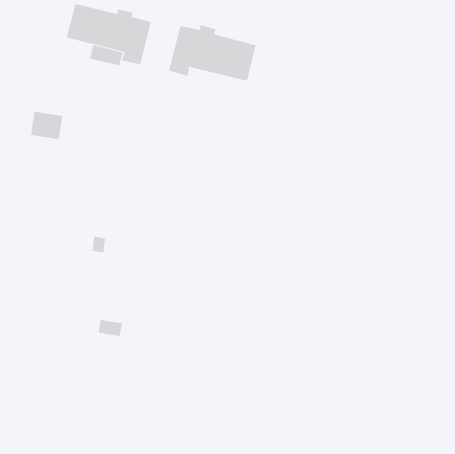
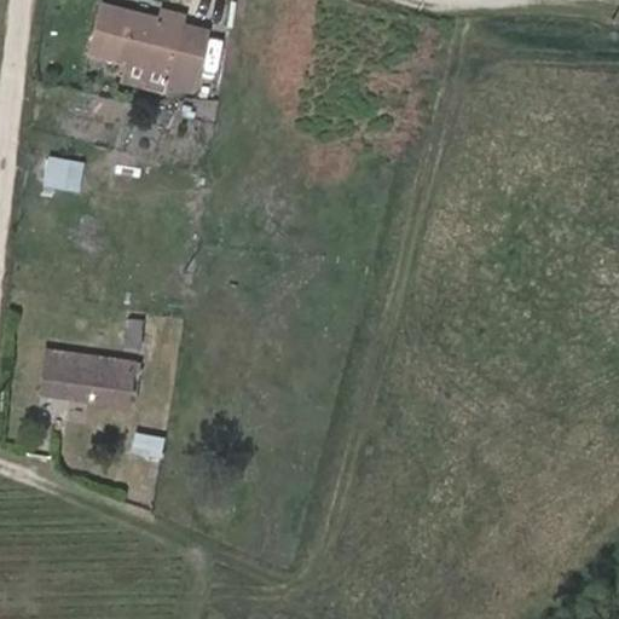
building: [169,25,256,81] -> none
building: none -> [41,349,138,406]

